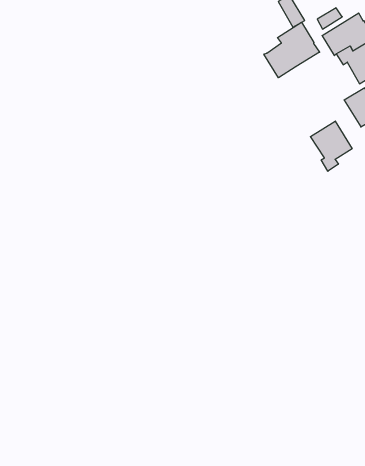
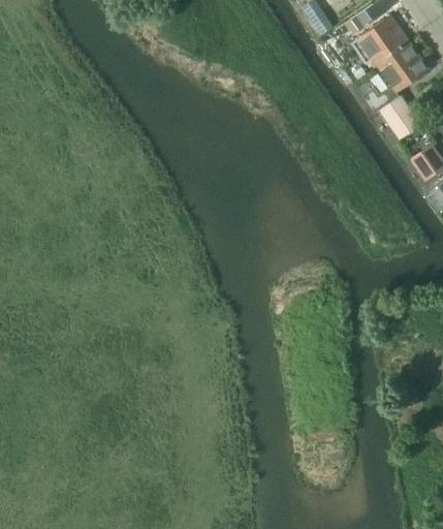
building: [264,22,320,78] -> none
building: [310,121,352,171] -> none

